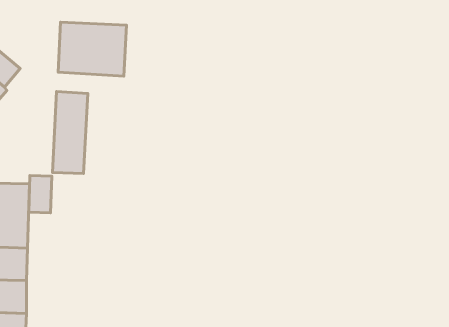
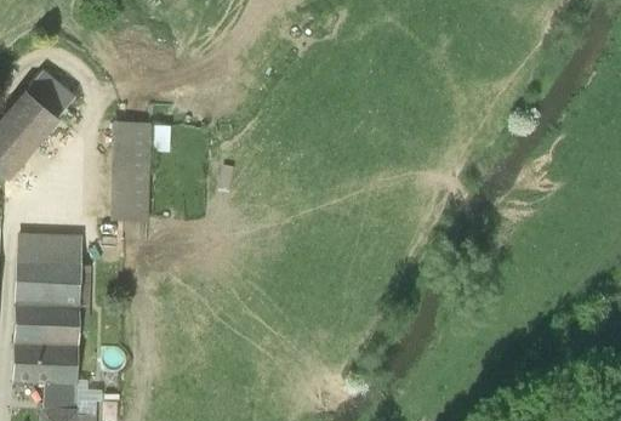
building: [58,22,126,76] -> none
building: [29,175,52,213] -> none

